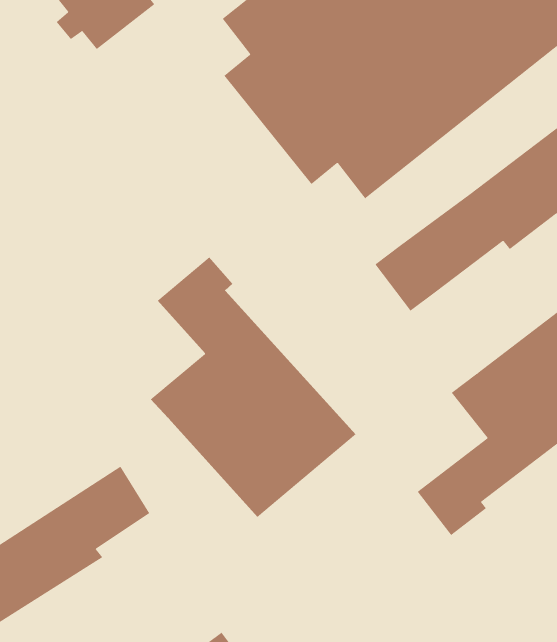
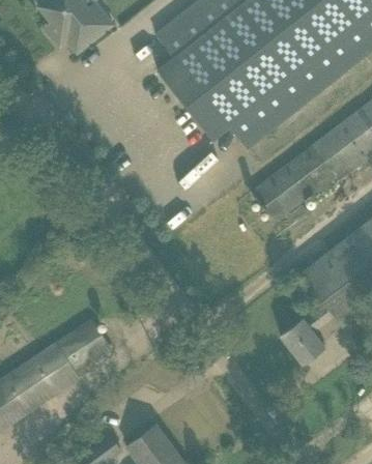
building: [150,257,356,518] -> none

